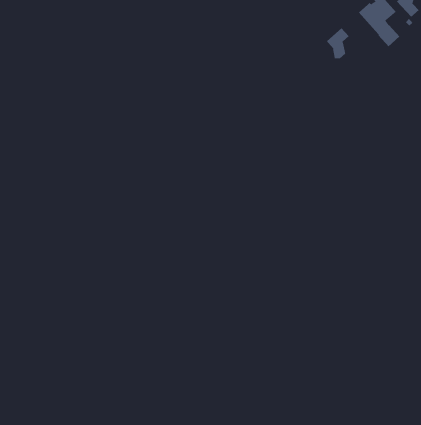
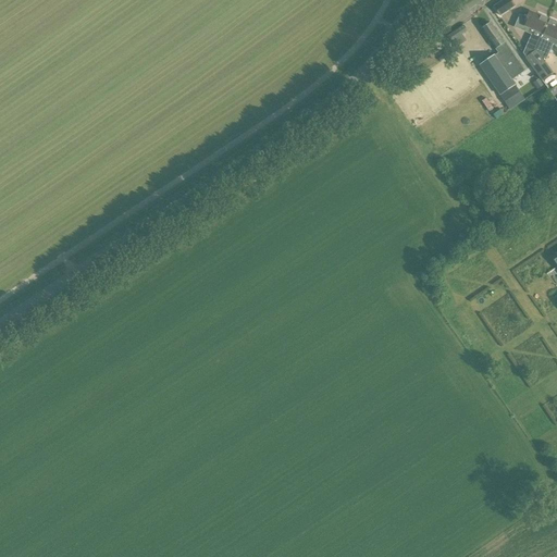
building: [326,28,350,59] -> none

